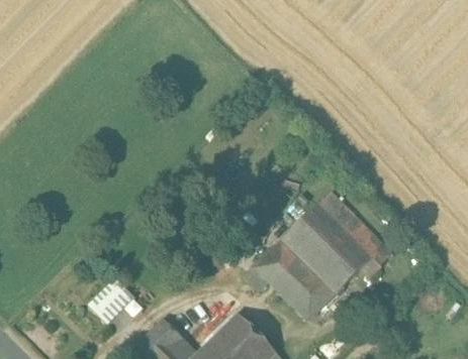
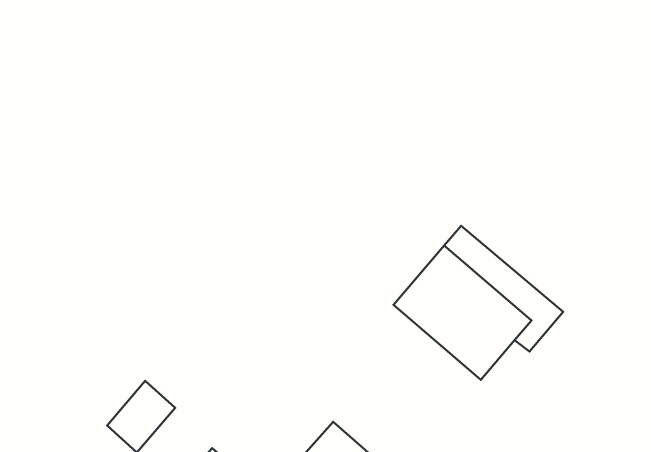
building: [248,239,336,322] -> none

